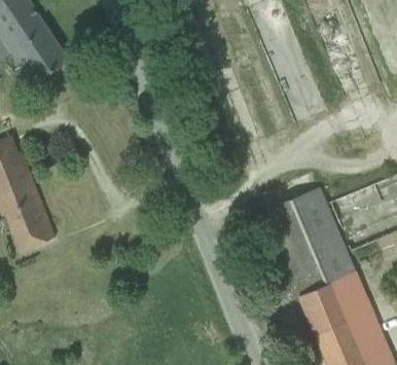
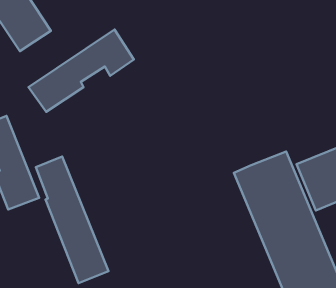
building: none -> [29,30,134,112]
building: none -> [36,156,108,283]

